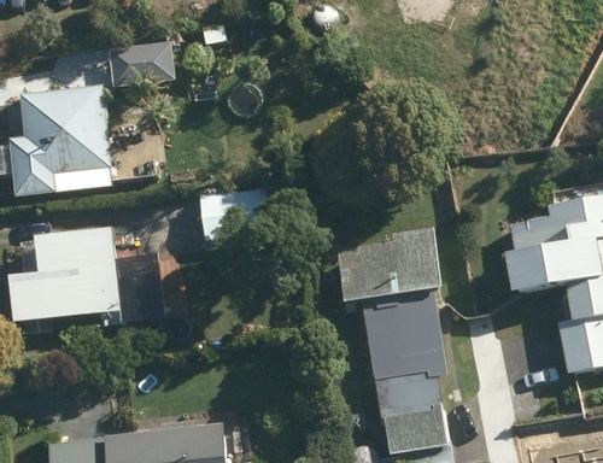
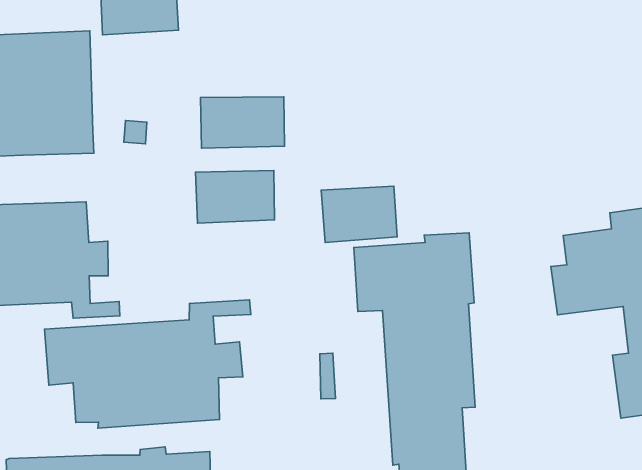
building: none -> [200,97,285,148]
building: none -> [321,186,397,243]
building: none -> [45,300,251,428]

